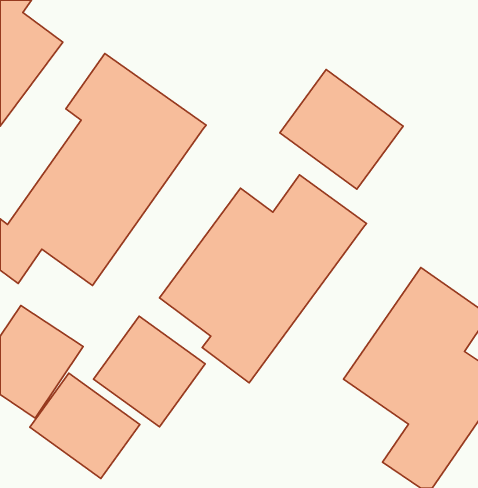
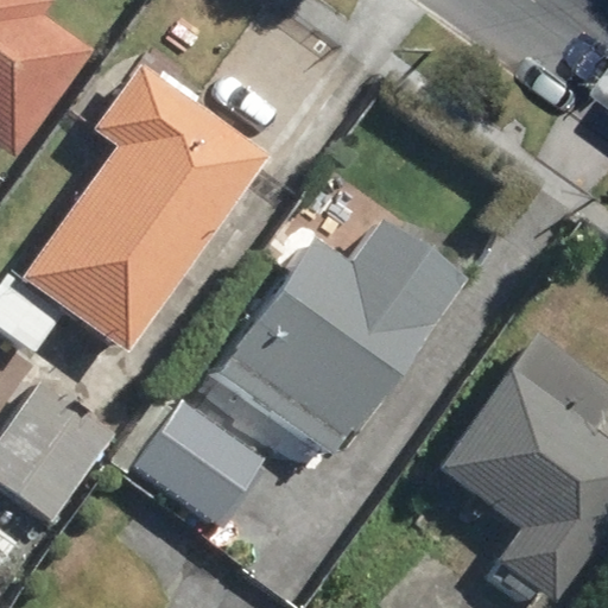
building: [280,70,403,189] -> none
building: [30,373,140,479] -> none

